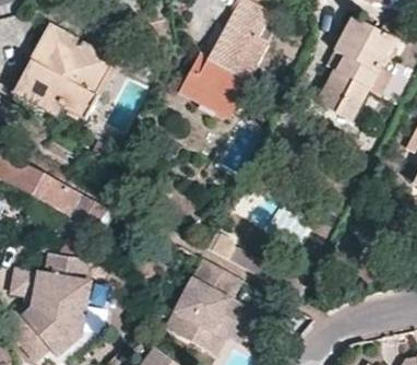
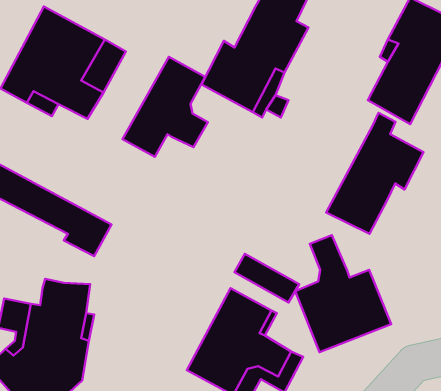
building: none -> [122,57,208,157]
building: none -> [326,113,424,234]
building: none -> [295,235,391,352]

